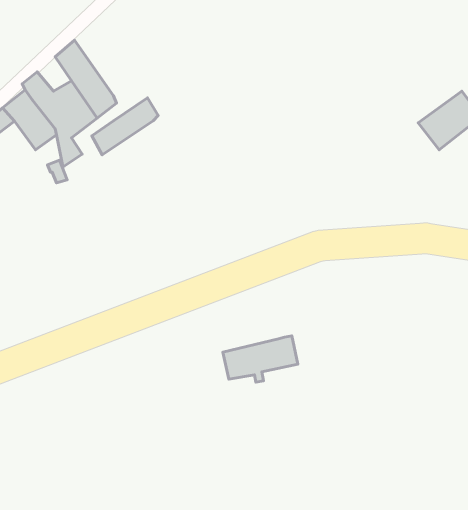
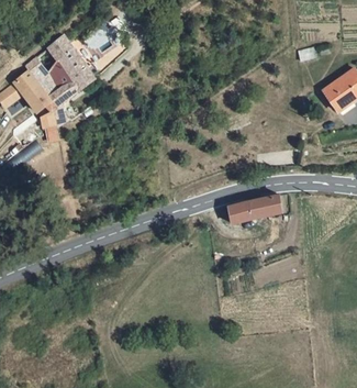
building: [92,98,158,155] -> none
building: [223,336,298,382] -> [230,192,285,226]

